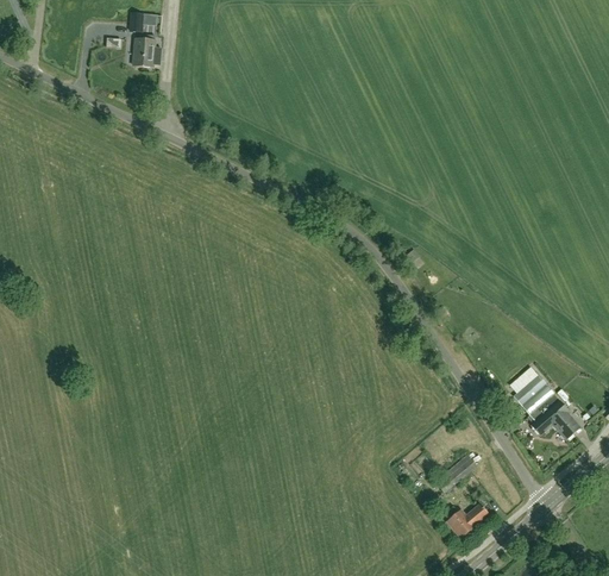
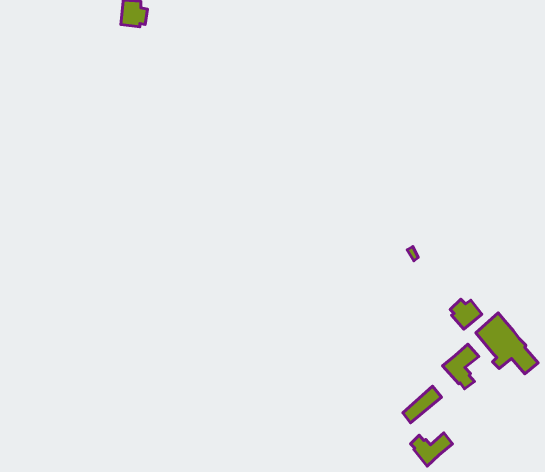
building: none -> [450,299,482,329]
building: none -> [443,344,479,389]

